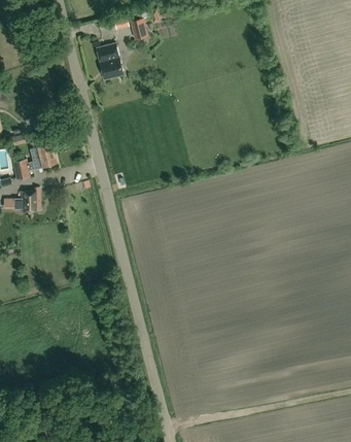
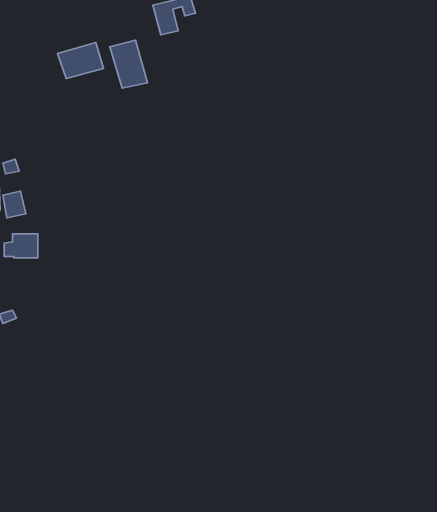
building: none -> [58,43,103,78]
building: [30,143,56,169] -> none

